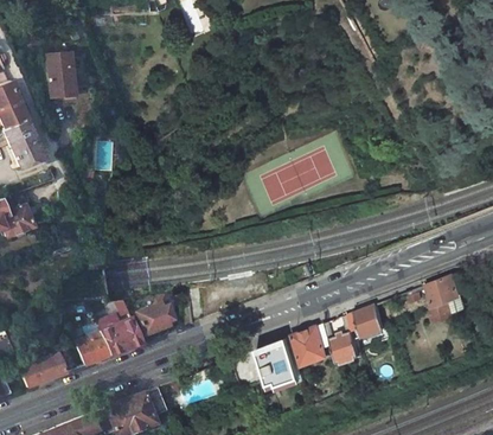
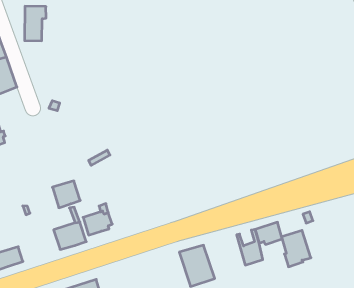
building: [429,274,467,320] -> [282,230,311,267]
building: [295,322,334,364] -> none
building: [75,331,110,365] -> [52,181,80,208]

